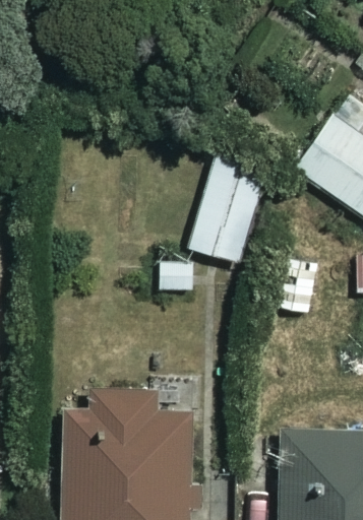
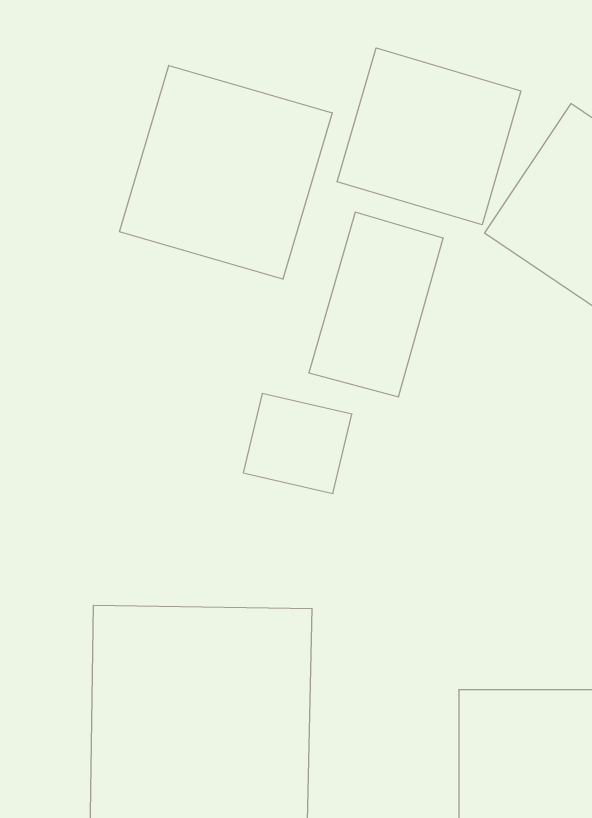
building: none -> [337,48,521,225]
building: none -> [119,65,332,279]

